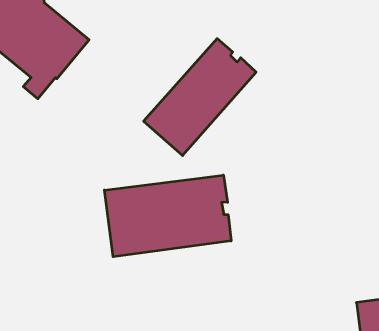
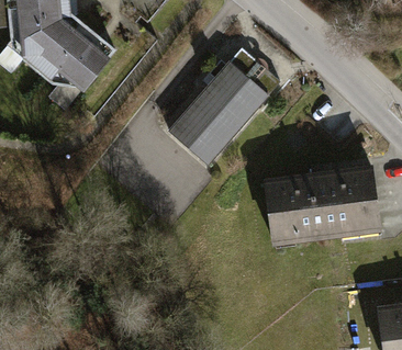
building: none -> [266,167,380,240]
building: [104,175,231,257] -> none

